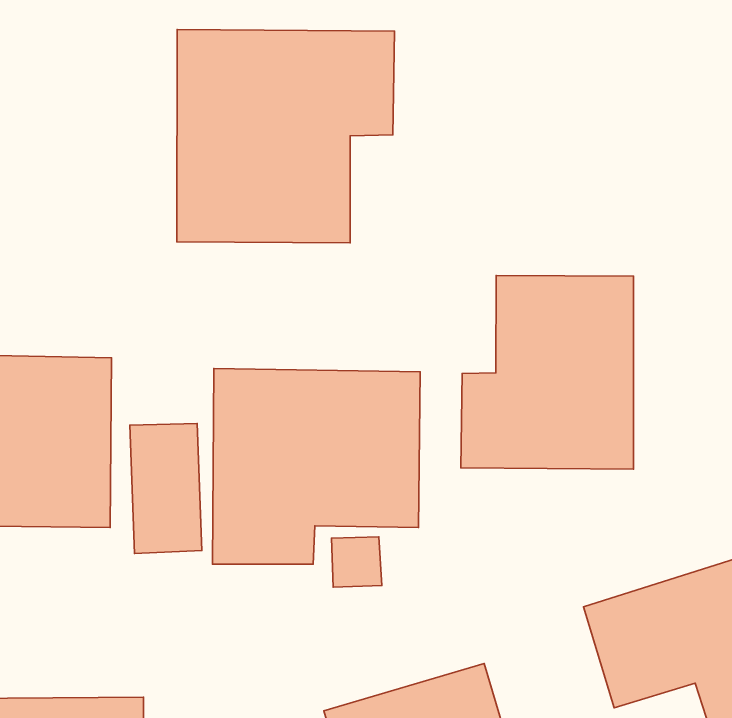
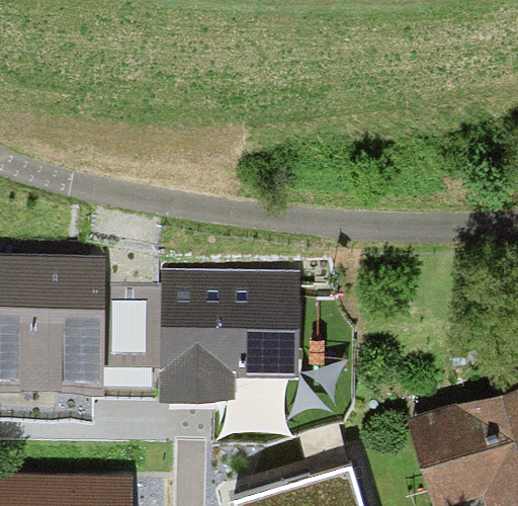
building: [177,29,394,243] -> none
building: [461,276,634,469] -> none

